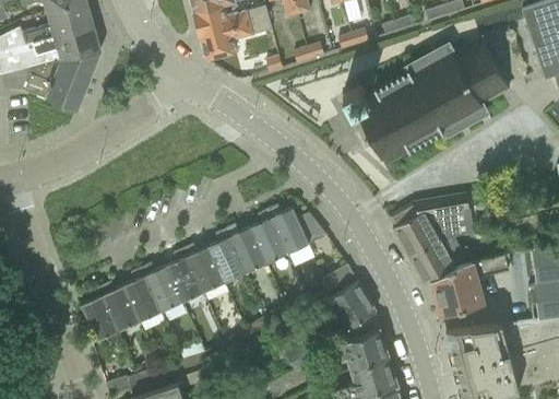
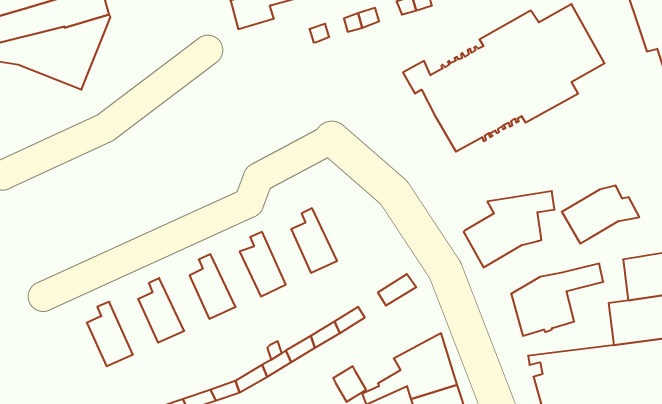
building: [267,204,326,253] -> none
building: [226,223,266,272] -> none
building: [409,236,474,284] -> [562,185,639,243]
building: [183,243,225,291] -> none
building: [141,262,182,310] -> none
building: [320,280,377,335] -> none
building: [99,282,140,330] -> none

